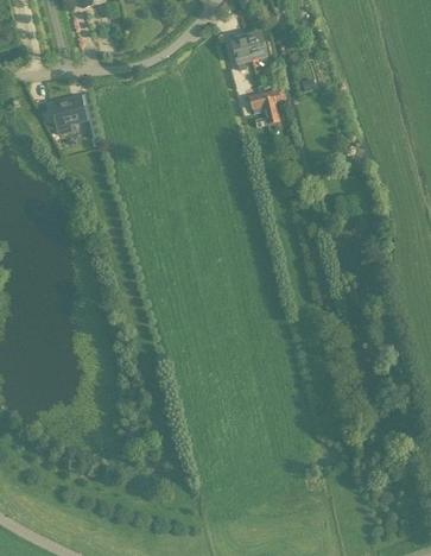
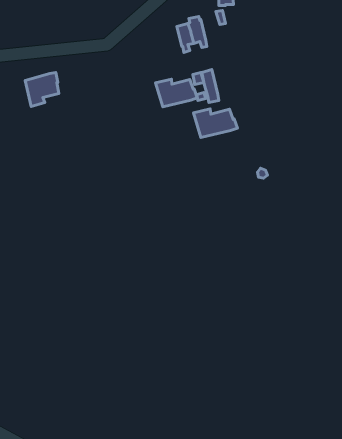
building: none -> [156,79,197,107]
building: none -> [194,109,237,138]

